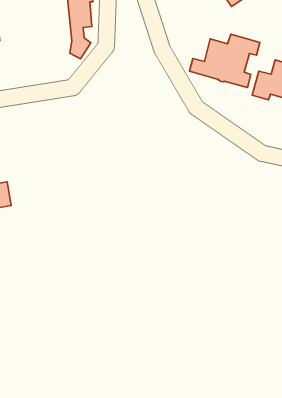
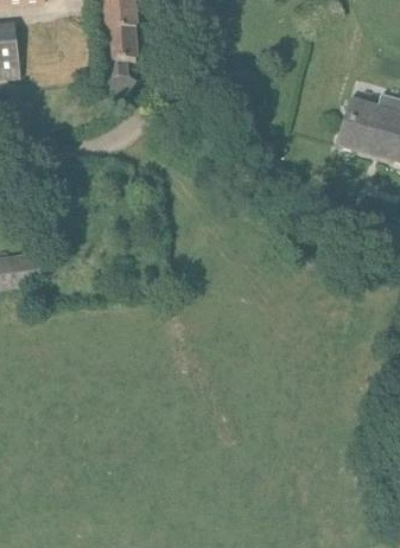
building: [190,34,260,87] -> none

